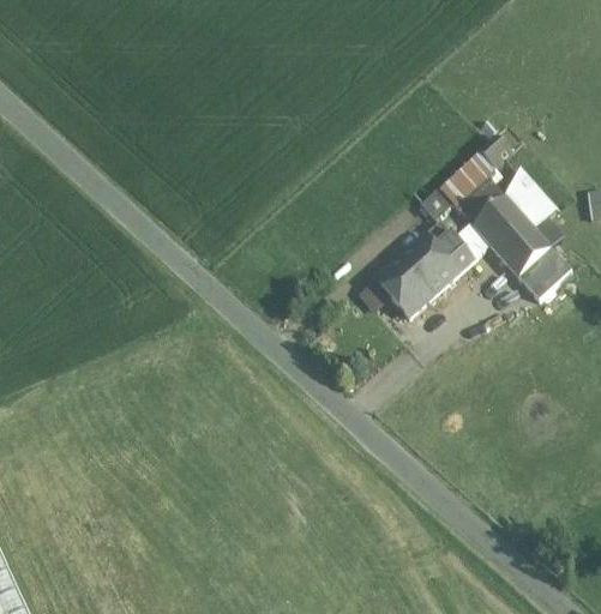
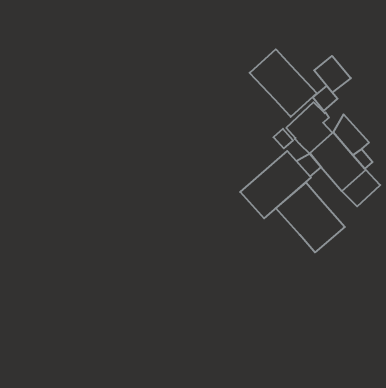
building: none -> [250,49,317,117]
building: none -> [314,56,351,92]
building: none -> [276,182,345,252]

